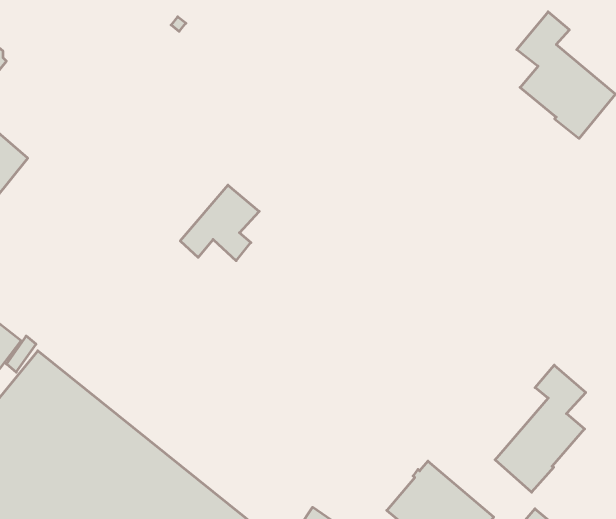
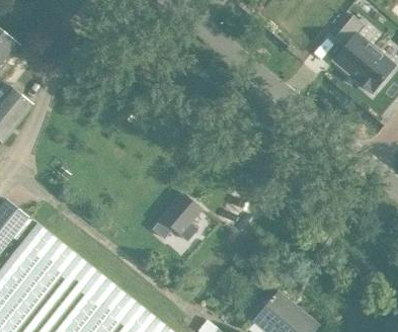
building: [180,185,259,261] -> [153,194,202,241]
building: [495,365,586,492] -> none

